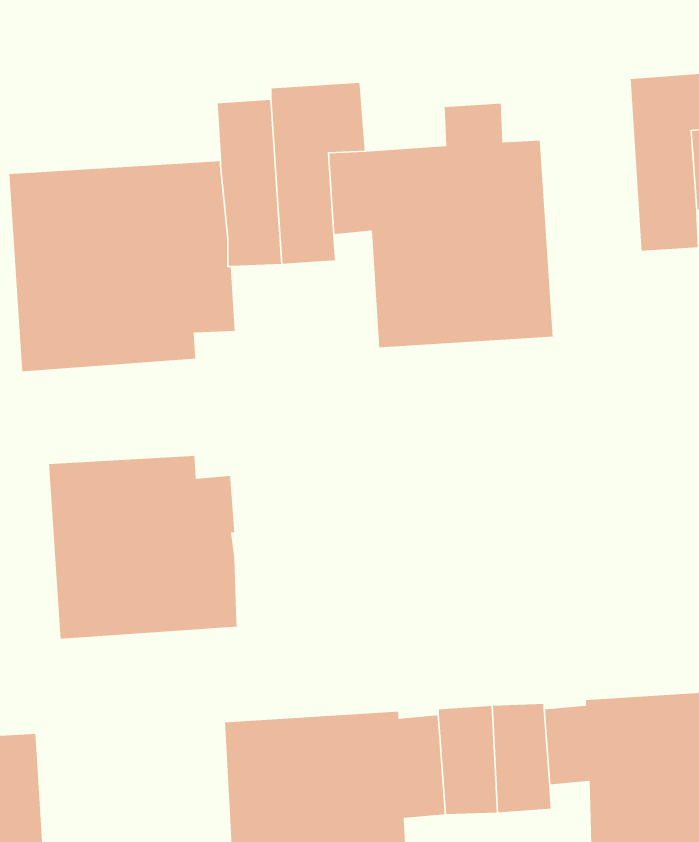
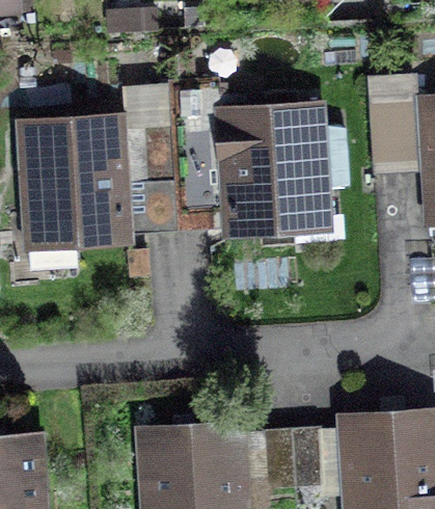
building: [48,455,238,639] -> none

